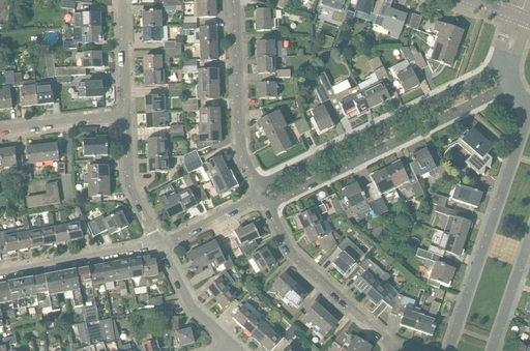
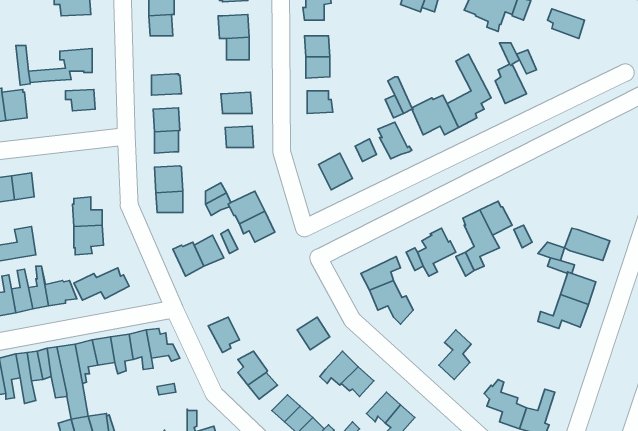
building: [63,25,100,47] -> none
building: [428,35,458,70] -> none
building: [144,47,181,69] -> none
building: [181,64,217,83] -> none
building: [260,107,288,135] -> none
building: [195,122,220,149] -> none
building: [457,127,493,173] -> none
building: [83,135,108,154] -> none
building: [411,147,447,175] -> none
building: [234,222,260,252] -> none
building: [332,236,358,272] -> none
building: [201,239,234,268] -> none
building: [416,246,454,286] -> none
building: [366,271,393,302] -> none

